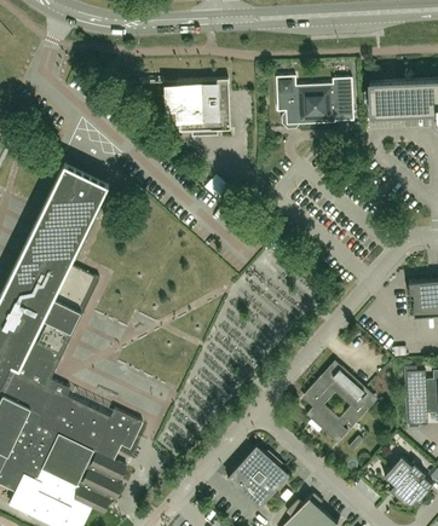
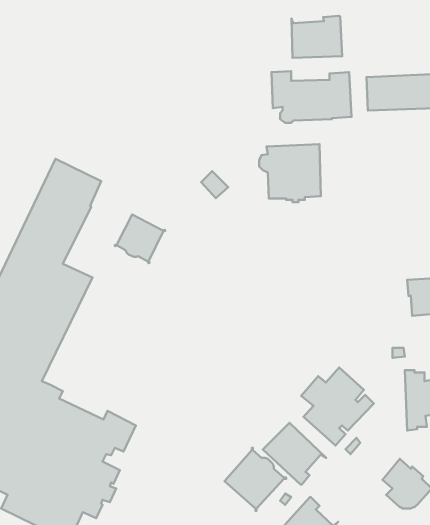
building: none -> [292,16,342,58]
building: [169,79,230,135] -> [259,144,321,202]
building: none -> [115,215,165,263]
building: none -> [263,423,326,485]

